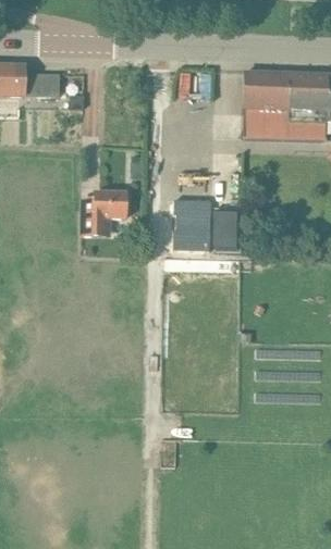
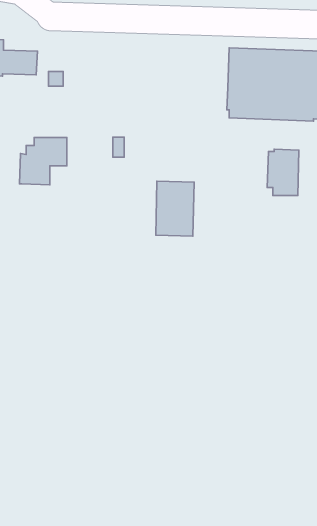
building: [78,190,124,236] -> [19,138,67,185]
building: [210,207,241,251] -> [267,149,299,195]

